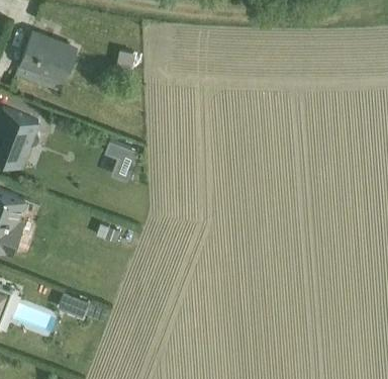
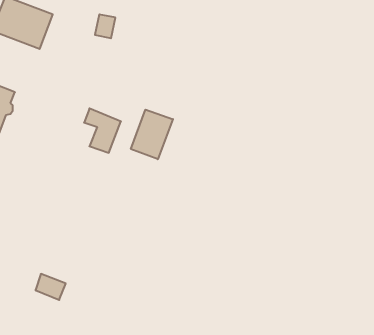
building: none -> [131,110,173,159]

